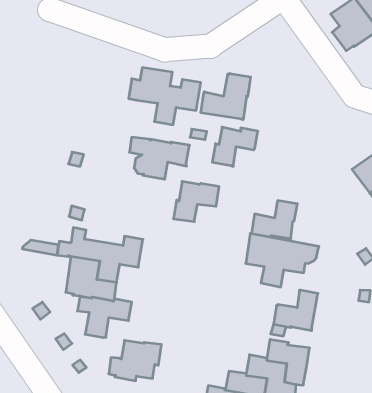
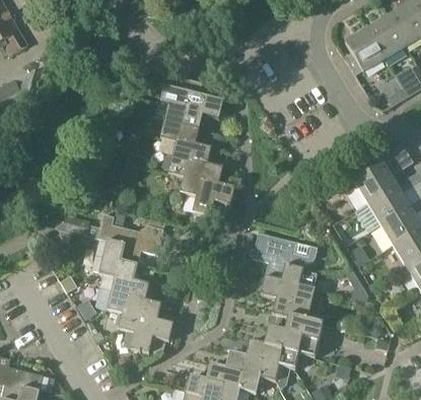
building: [201,73,251,120] -> none
building: none -> [160,104,198,144]
building: [212,127,258,166] -> [180,160,222,196]
building: [252,201,297,239] -> [261,264,303,298]
building: none -> [118,294,161,332]
building: none -> [284,315,324,355]

